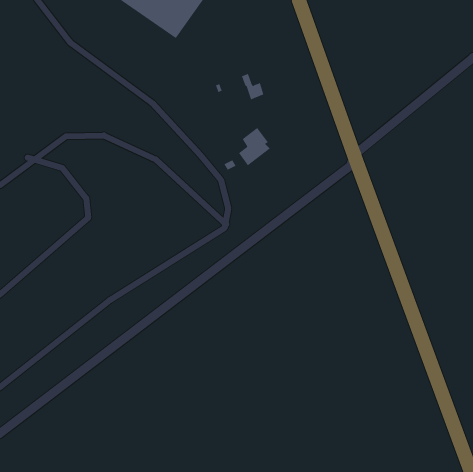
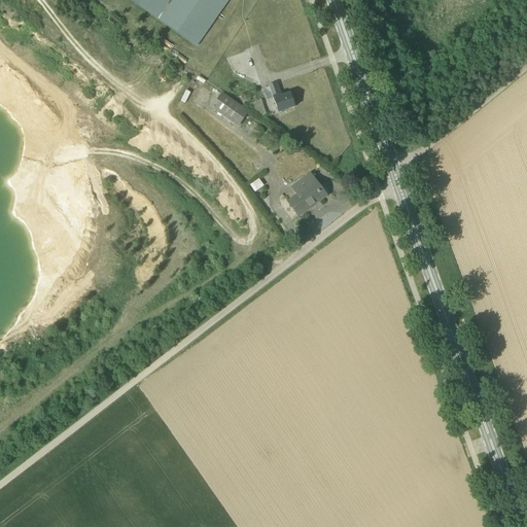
building: none -> [211,92,247,125]
building: [238,127,271,166] -> [287,172,323,215]

